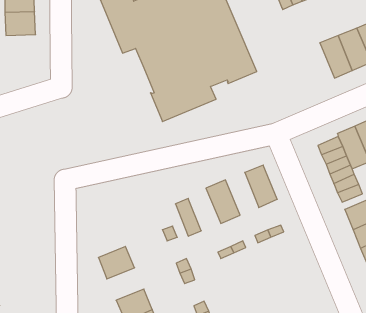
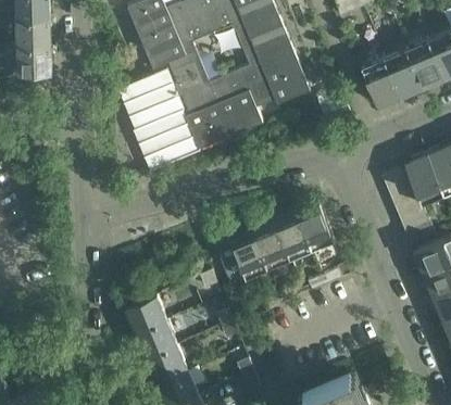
building: none -> [16,48,52,76]
building: none -> [362,58,402,109]
building: none -> [118,71,201,173]
building: none -> [274,210,313,260]
building: none -> [228,228,268,279]
building: none -> [135,321,178,359]

